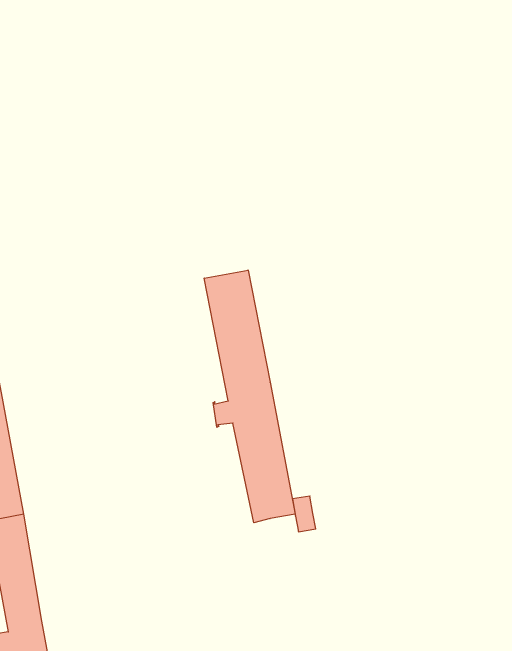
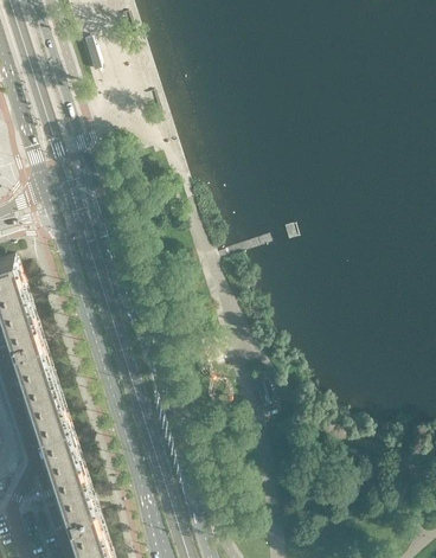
building: [204,270,295,523] -> none

